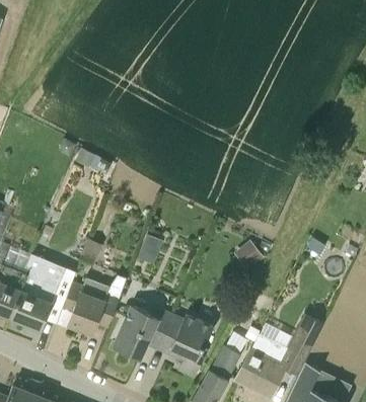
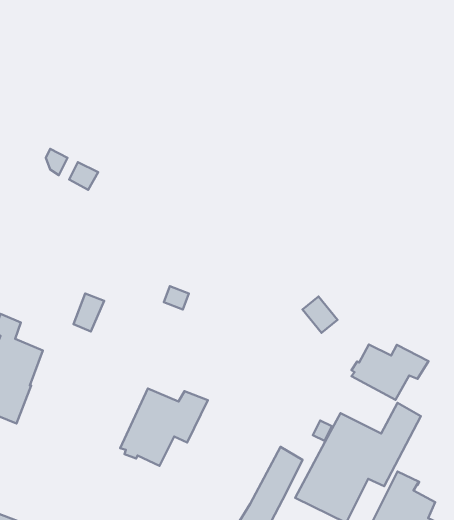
building: none -> [351,344,429,400]
building: [62,275,126,334] -> none
building: [159,314,212,377] -> none

